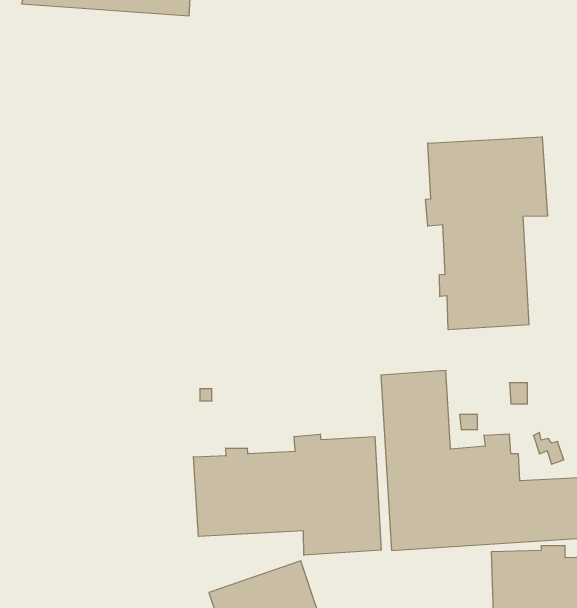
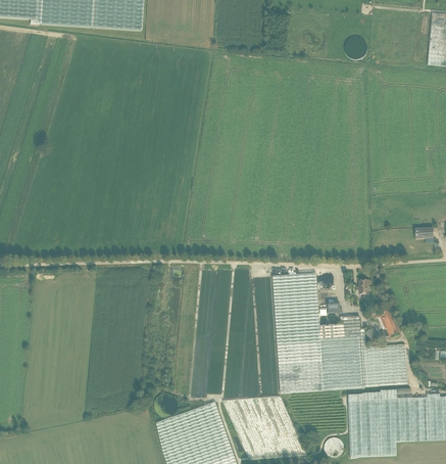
building: [425,137,547,330] -> none
building: [193,434,381,555] -> none

